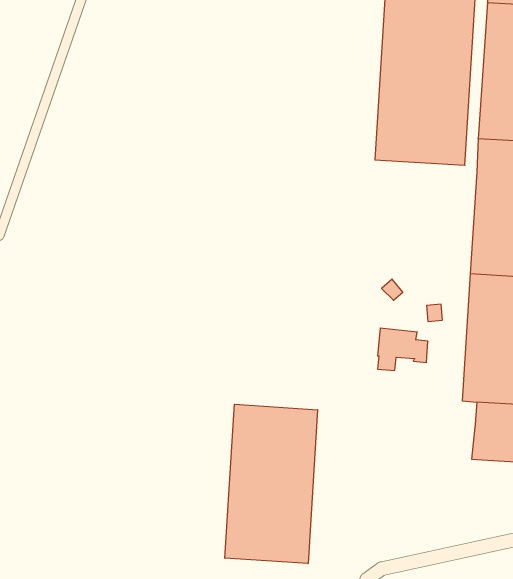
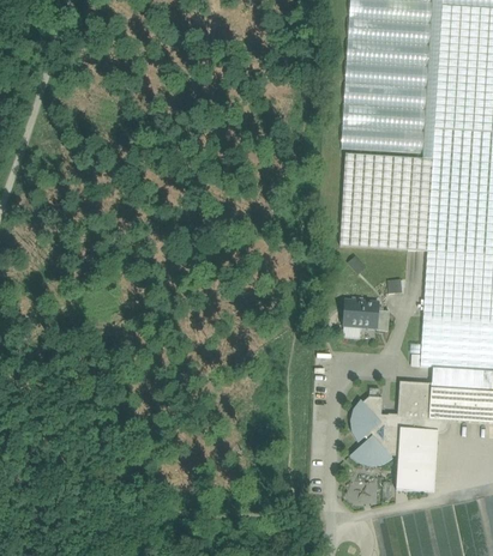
building: none -> [339,153,433,250]
building: [225,404,318,564] -> none
building: none -> [349,381,447,491]

